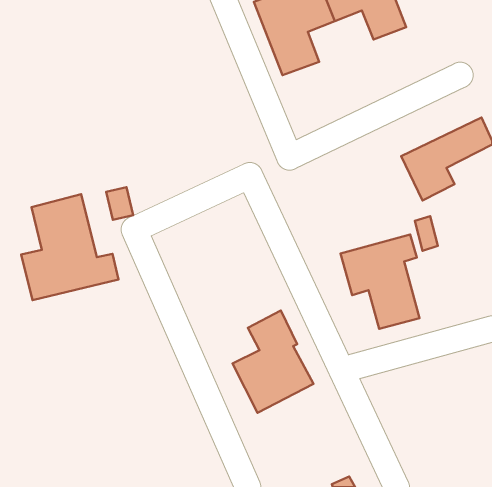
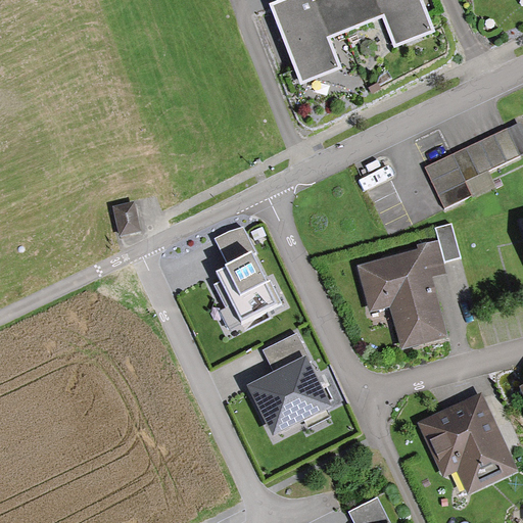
building: [21,194,118,300] -> none
building: none -> [217,226,277,323]
building: none -> [425,397,516,490]

